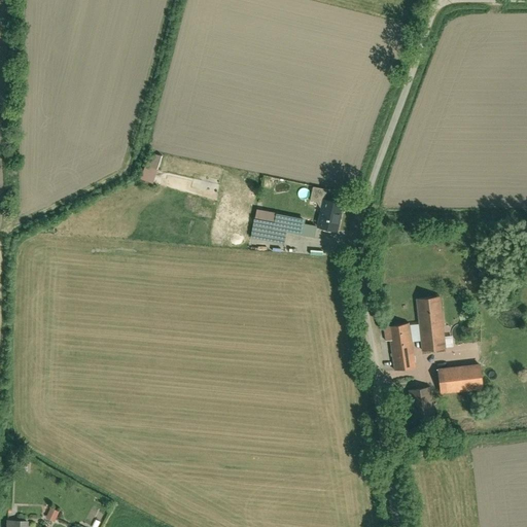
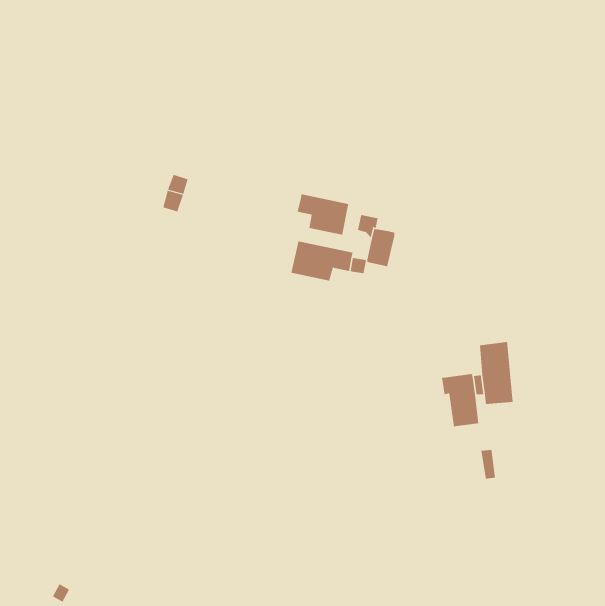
building: none -> [297,193,349,236]
building: [438,364,485,394] -> none

